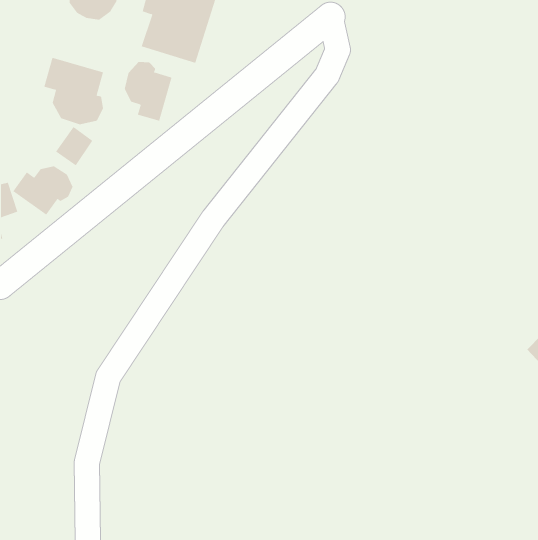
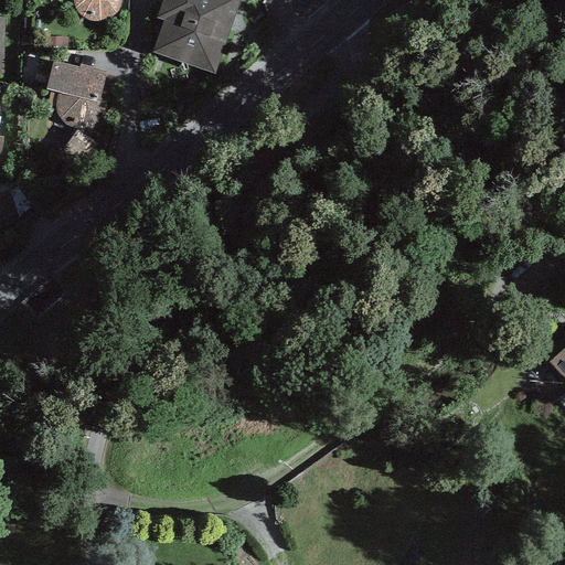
building: [124,61,172,122] -> none
building: [12,166,73,215] -> none

